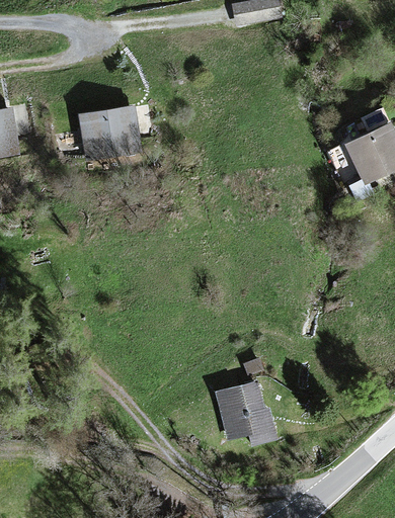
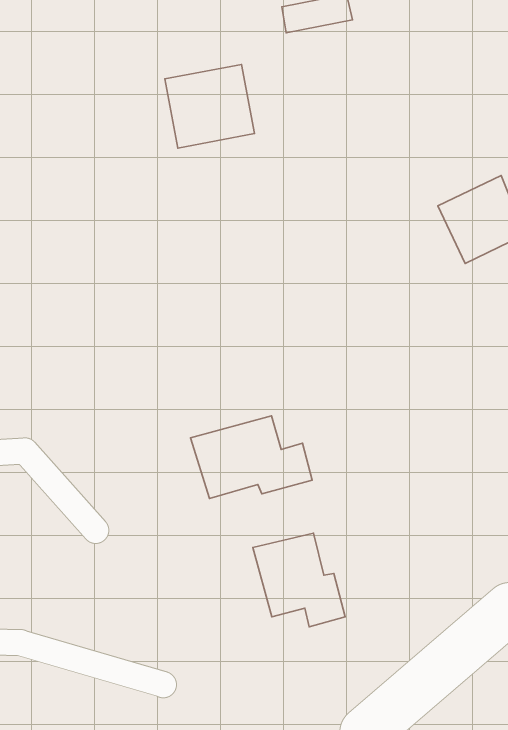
building: [79,104,142,163] -> [165,64,254,148]
building: none -> [191,416,312,499]

